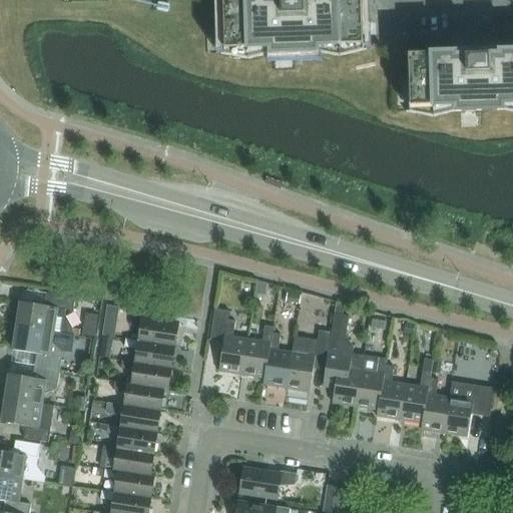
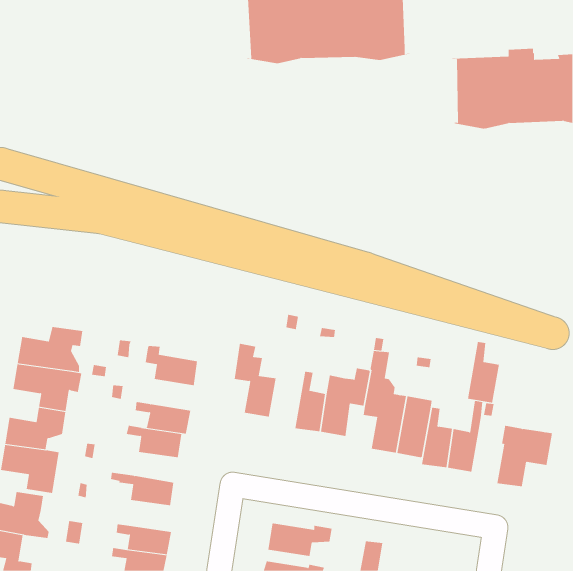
building: [240,324,273,383] -> none
building: [123,337,173,367] -> none
building: [420,377,449,432] -> [467,342,500,403]
building: [109,402,159,431] -> none
building: [102,445,153,475] -> none

